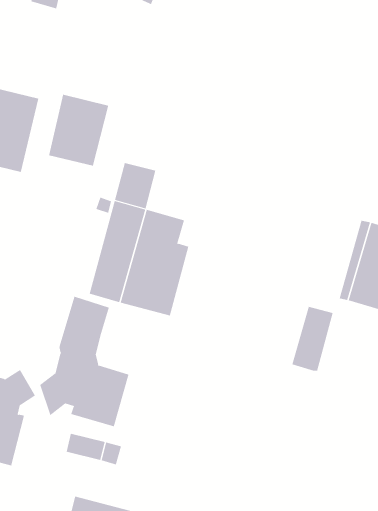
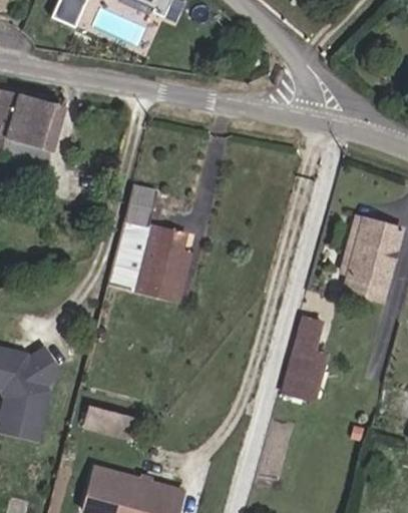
building: [48,94,109,166] -> none
building: [39,296,129,427] -> none
building: none -> [279,350,324,404]

